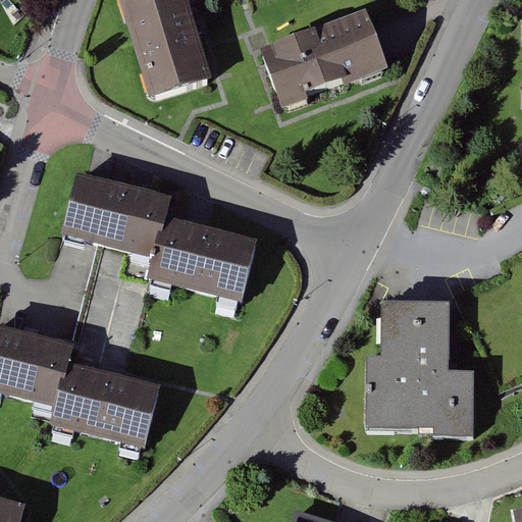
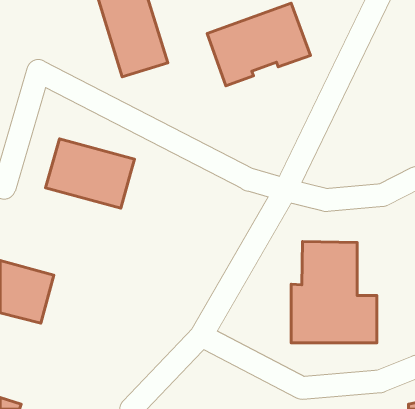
building: [148,216,257,302] -> none
building: [49,360,160,447] -> none

